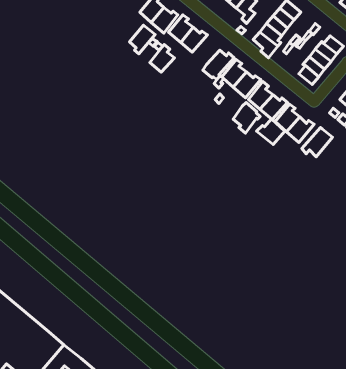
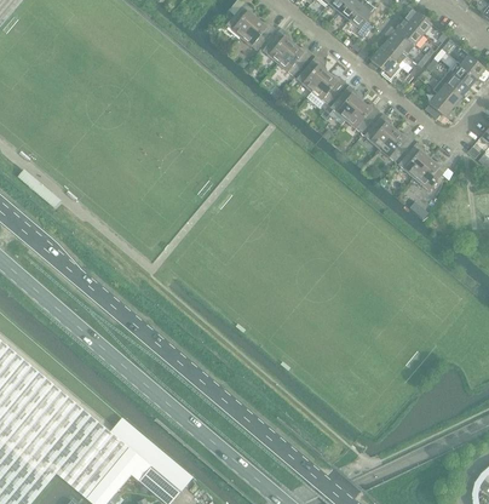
building: [130,25,155,54] -> none
building: [150,45,175,72] -> [294,53,326,88]
building: [233,102,260,133] -> none
building: [257,119,285,144] -> none
building: [302,128,333,157] -> none

